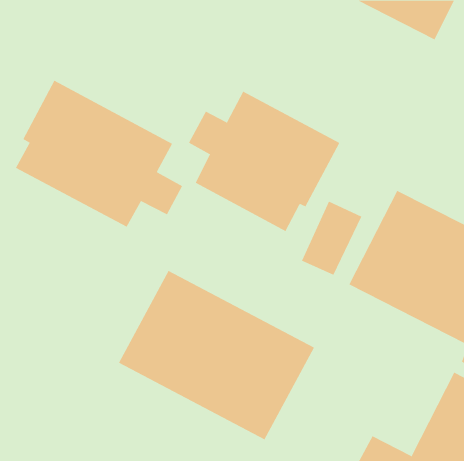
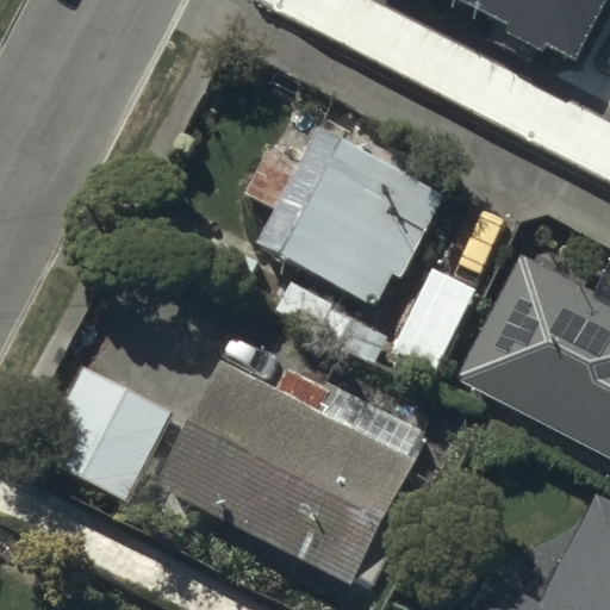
building: [15,80,183,227] -> none
building: none -> [42,368,169,498]

